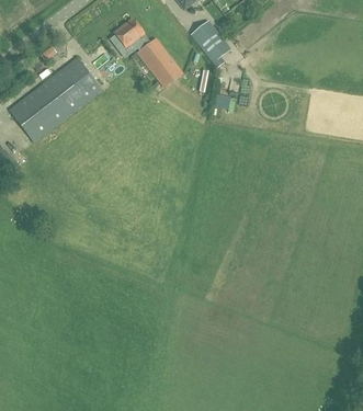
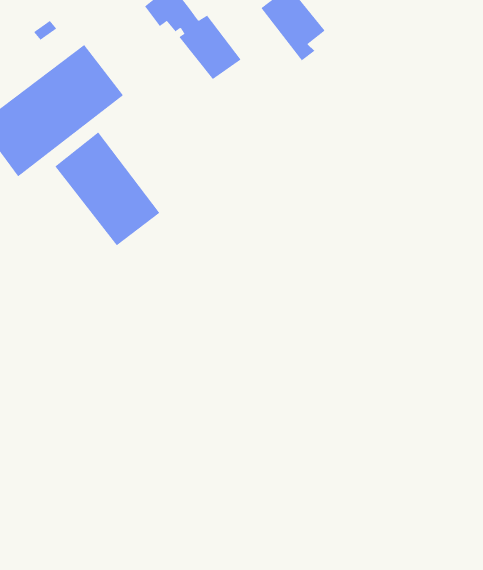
building: none -> [54,132,160,246]

